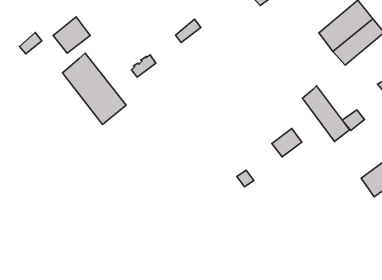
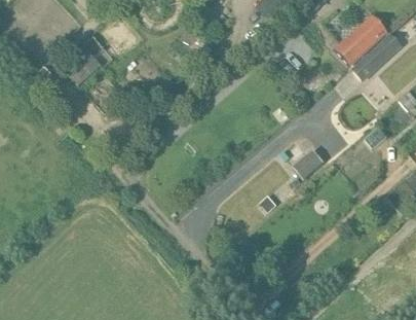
building: [62,53,126,125] -> none
building: [302,86,350,142] -> none

